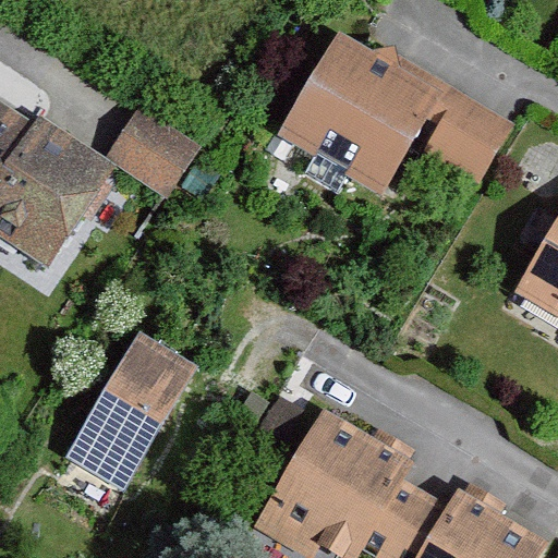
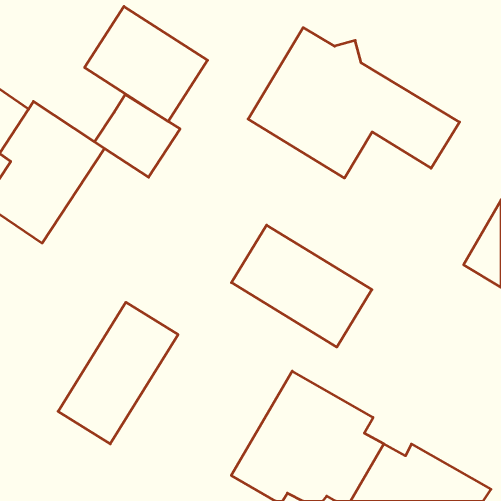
building: none -> [85,6,208,121]
building: none -> [231,225,372,347]

